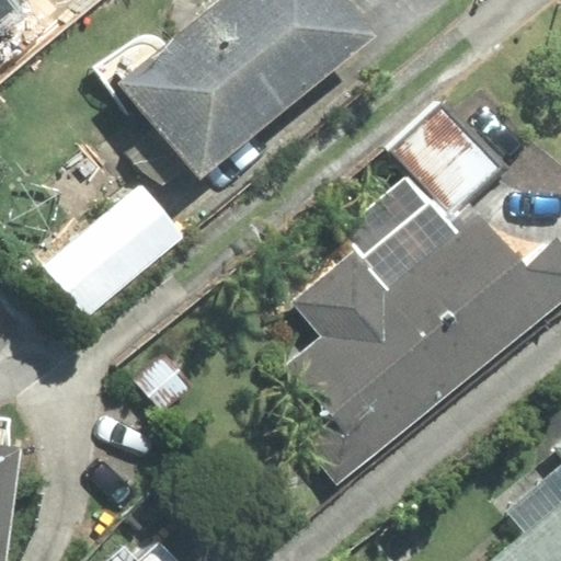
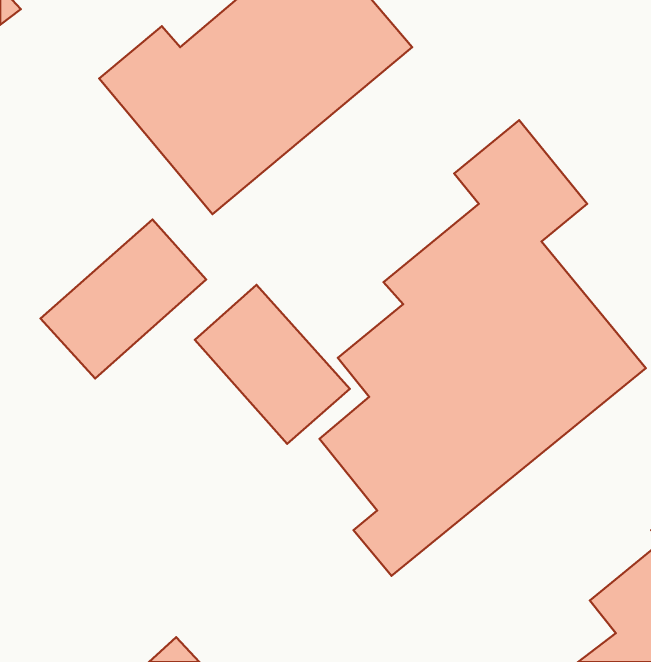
building: none -> [195,285,350,444]

